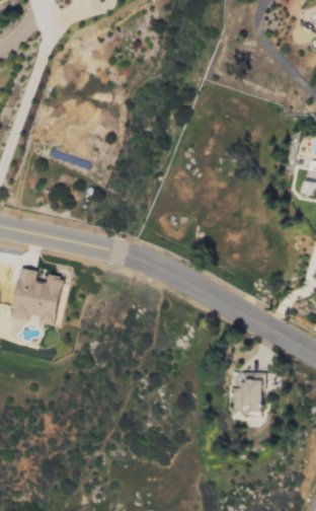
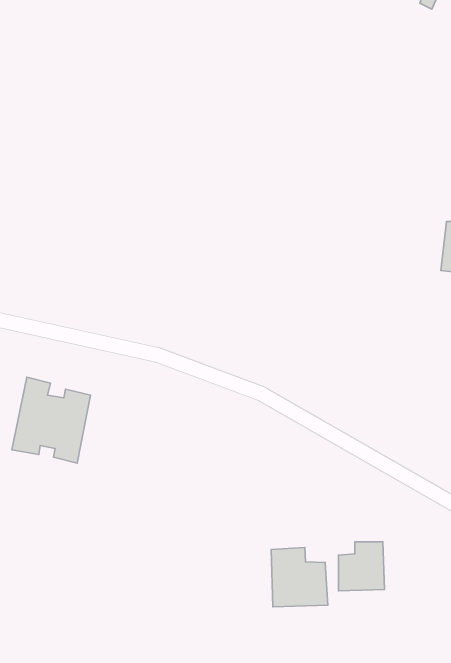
building: none -> [271,548,328,607]

